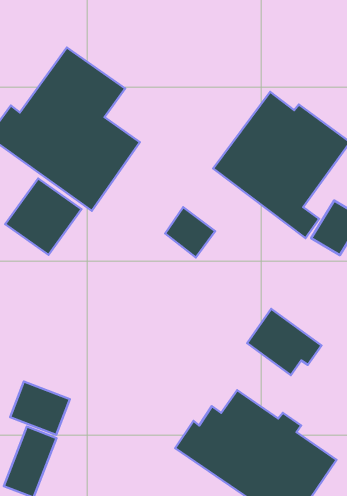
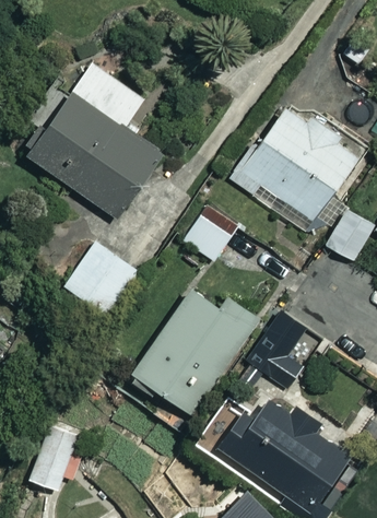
building: [5,178,82,255] -> [66,243,139,316]
building: none -> [126,289,259,414]
building: [10,382,70,435] -> none

